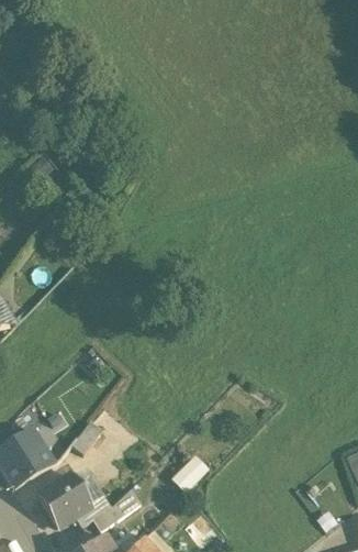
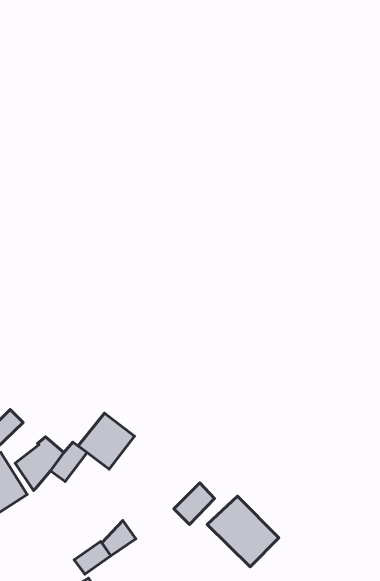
building: none -> [78,413,134,469]
building: none -> [207,496,279,567]
building: [36,474,89,526] -> none

